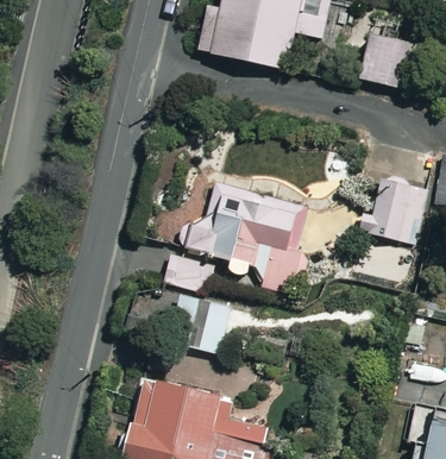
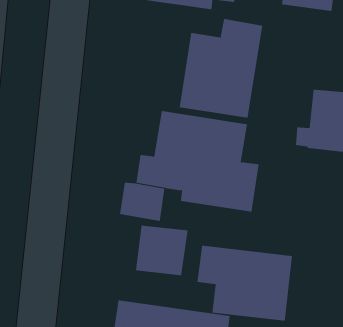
building: none -> [179,18,263,118]
building: none -> [197,245,293,322]

